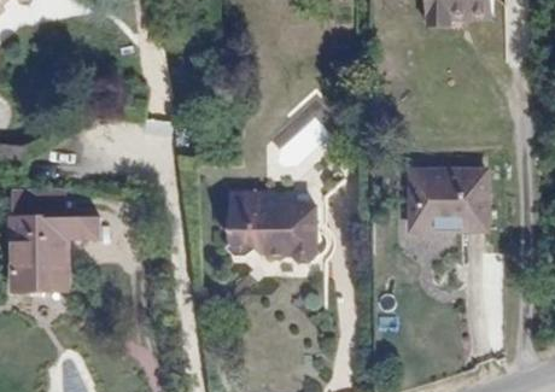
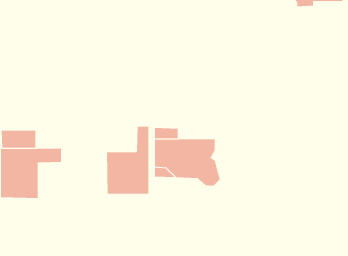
building: [413,169,487,226] -> none
building: none -> [106,126,149,194]

